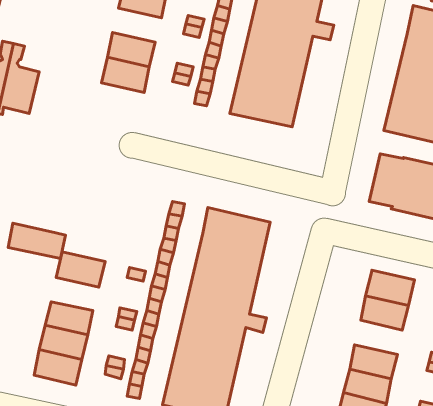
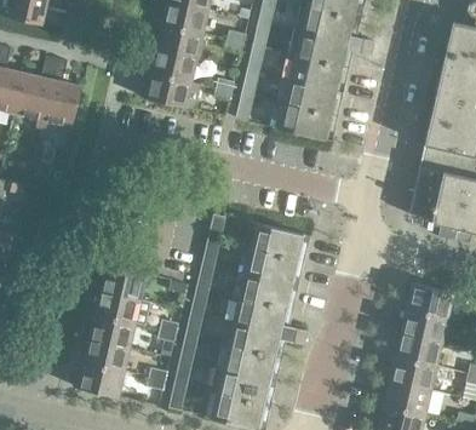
building: none -> [154,23,202,57]
building: [8,223,66,259] -> [93,289,150,325]
building: none -> [394,332,441,366]

